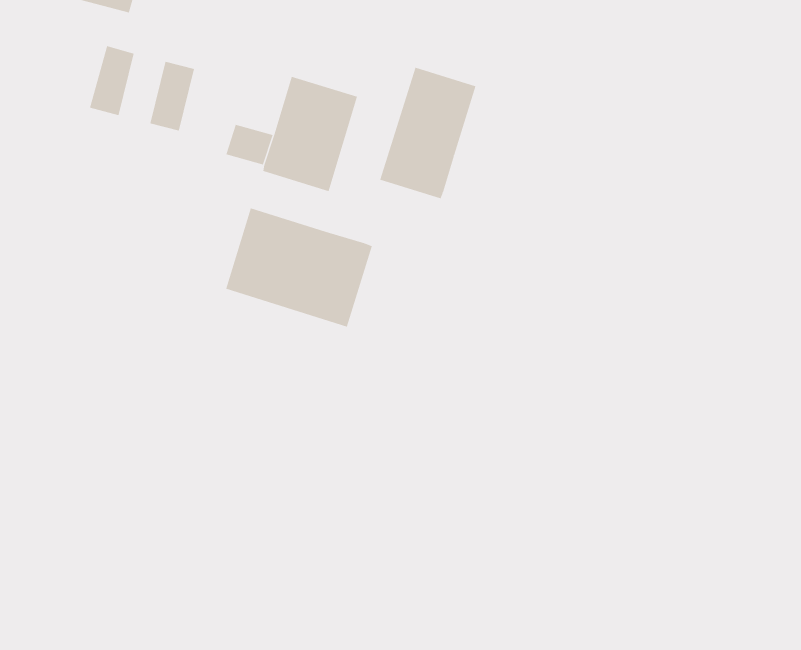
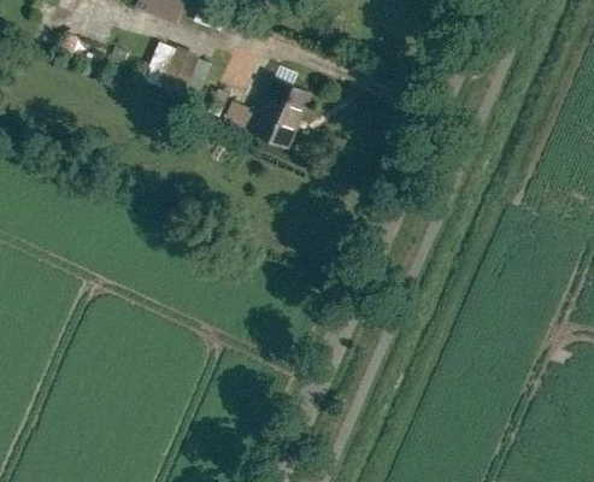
building: [379,67,476,199] -> none
building: [225,208,372,327] -> none

